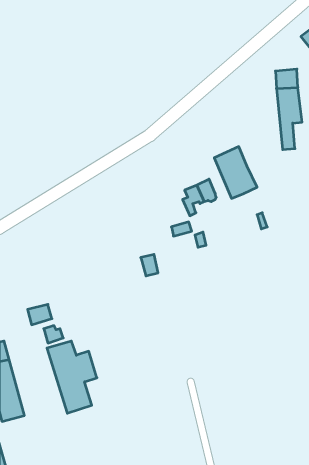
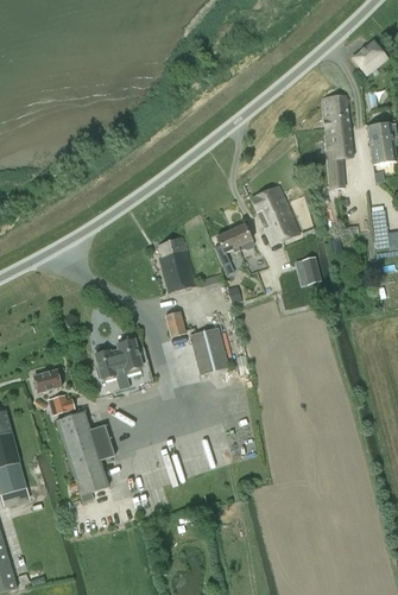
building: none -> [159,235,195,291]
building: none -> [190,327,228,373]
building: none -> [89,338,153,397]

